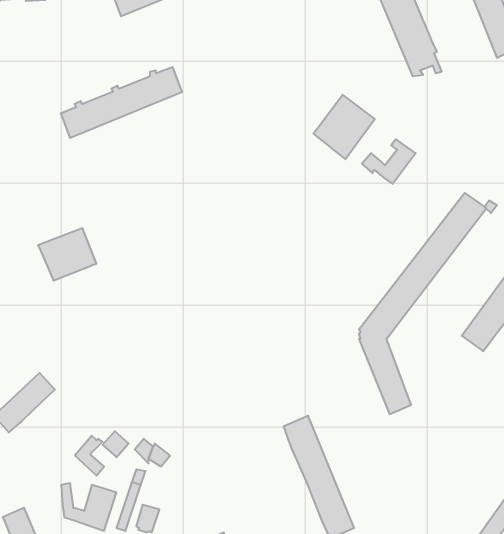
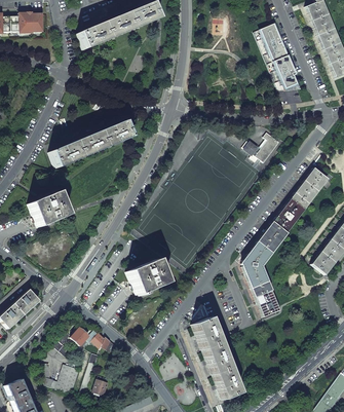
building: [61,67,182,138] -> [50,120,131,167]
building: [313,95,375,159] -> none
building: none -> [127,258,166,295]

